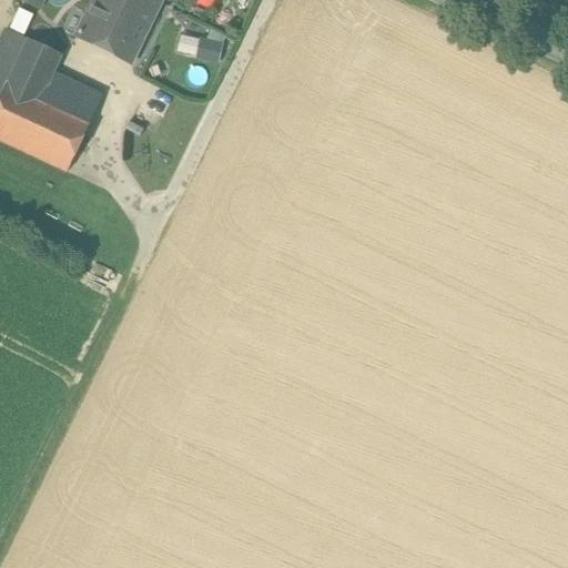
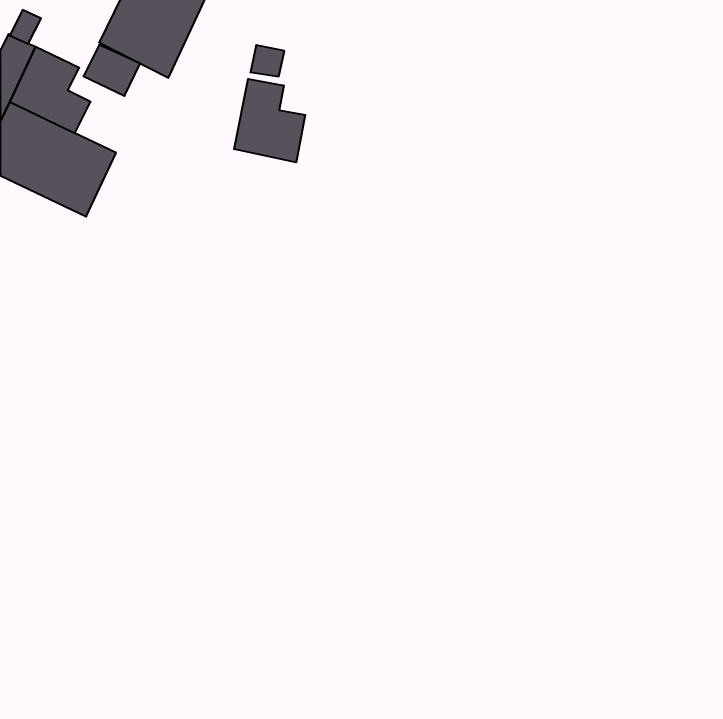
building: none -> [234,79,305,162]
building: [59,80,103,120] -> [83,45,140,96]

